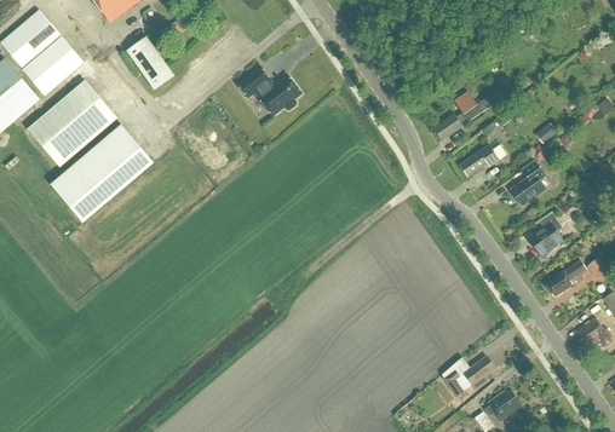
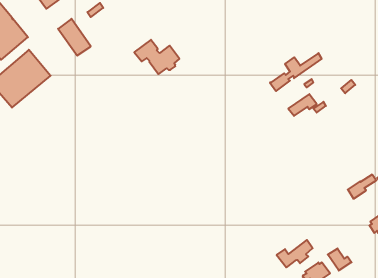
building: [52,125,154,221] -> none
building: [511,160,546,205] -> none
building: [529,221,564,255] -> none
building: none -> [328,248,352,271]

